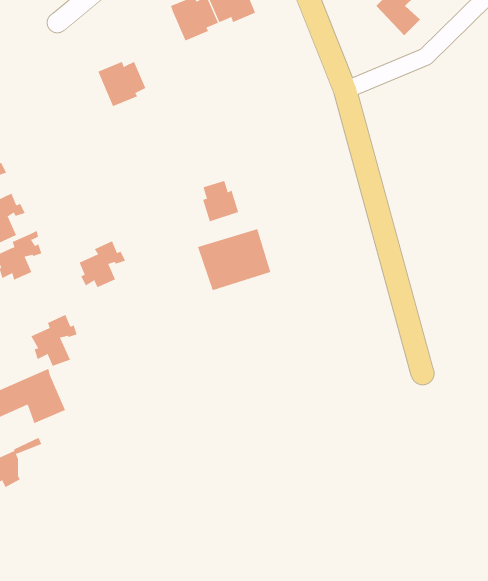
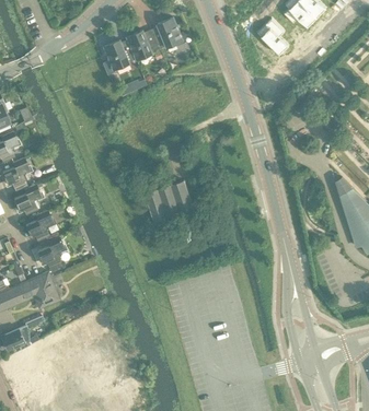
building: [97,61,146,107] -> [103,39,135,69]
building: [202,180,239,222] -> none
building: [79,241,126,288] -> [24,210,55,240]

